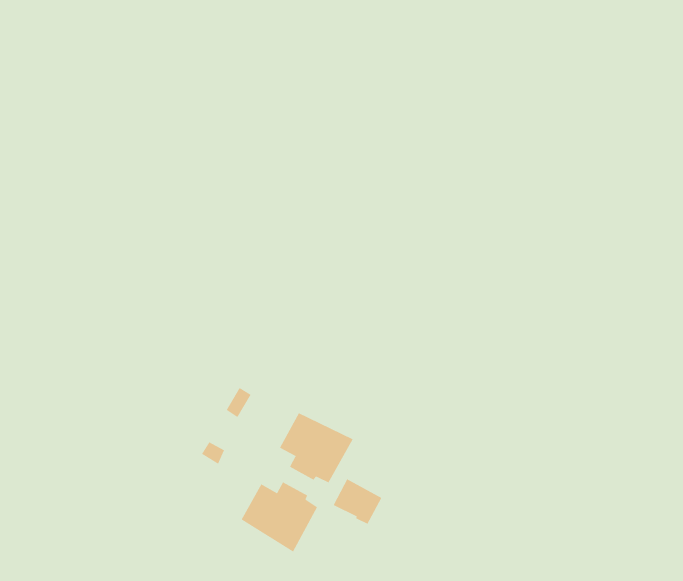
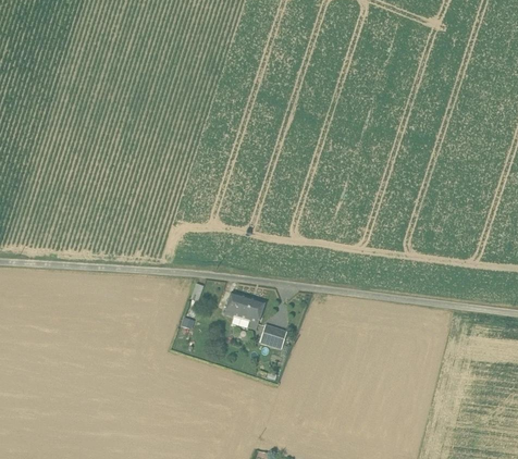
building: [241,482,318,553] -> none

